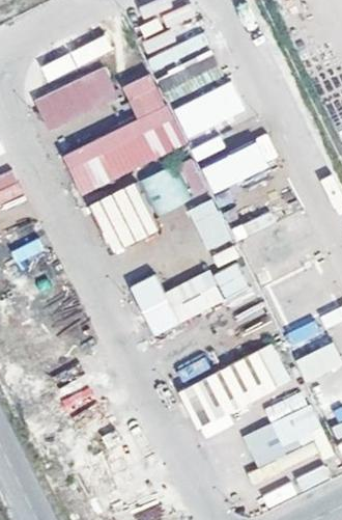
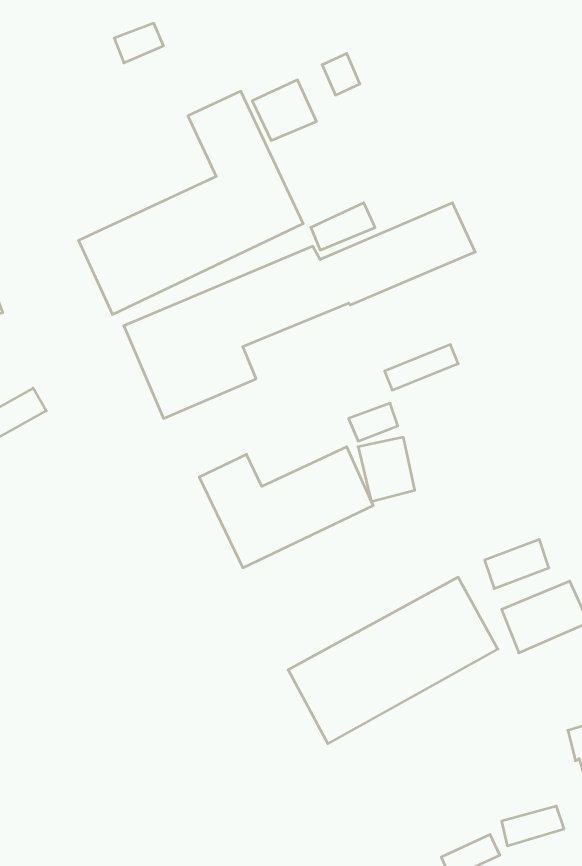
building: [34,69,119,131] -> none
building: [189,197,233,251] -> none
building: [243,389,330,478] -> none

